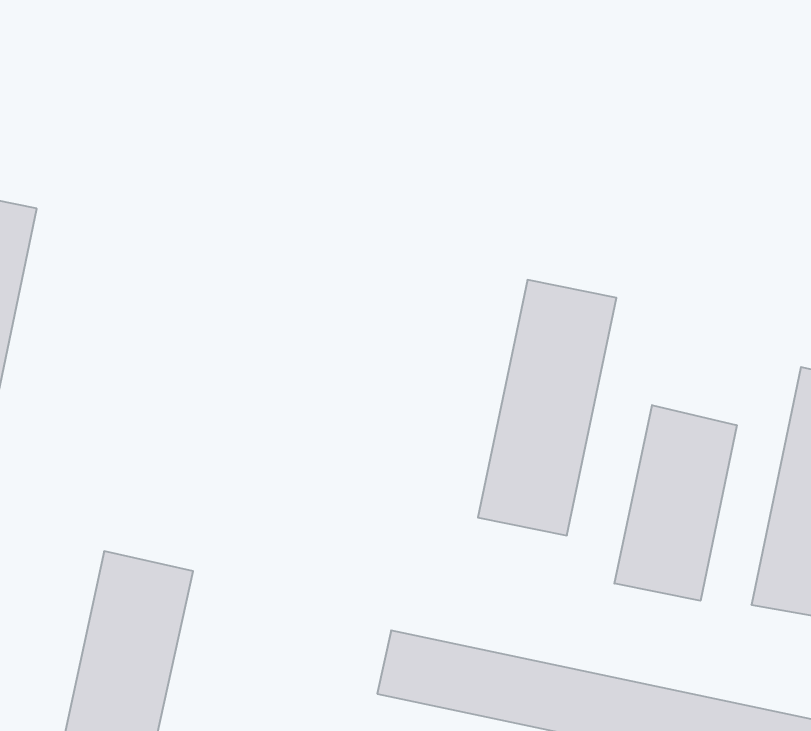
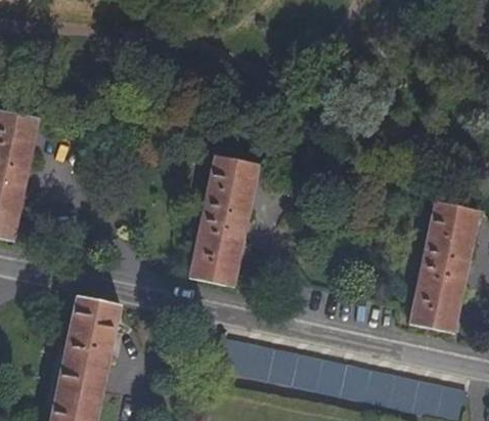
building: [478,280,616,535] -> [190,155,262,287]
building: [614,405,737,601] -> none

